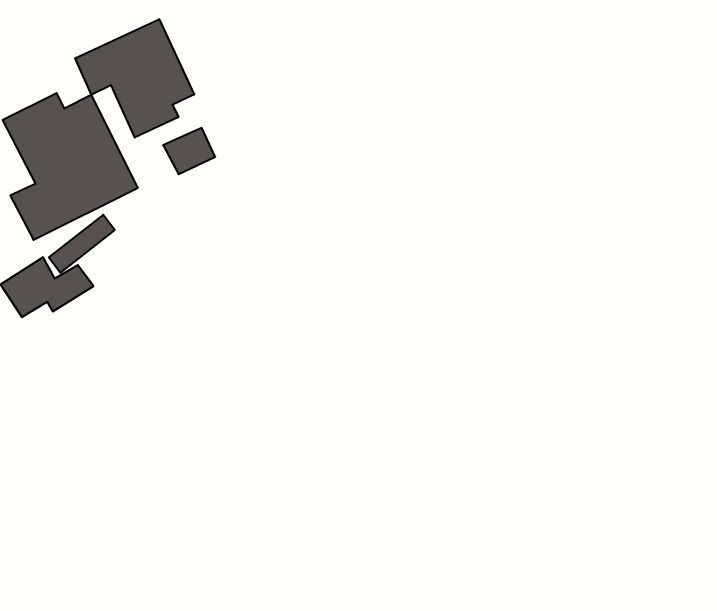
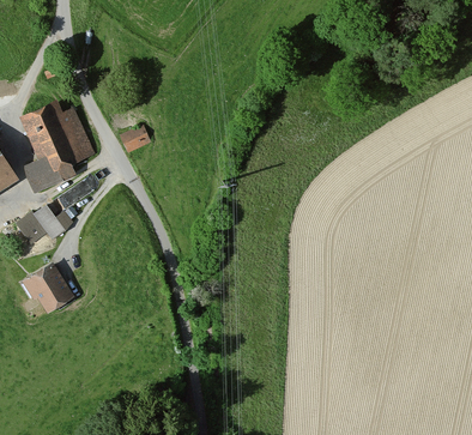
building: [75,19,194,138] -> none
building: none -> [24,264,73,314]

